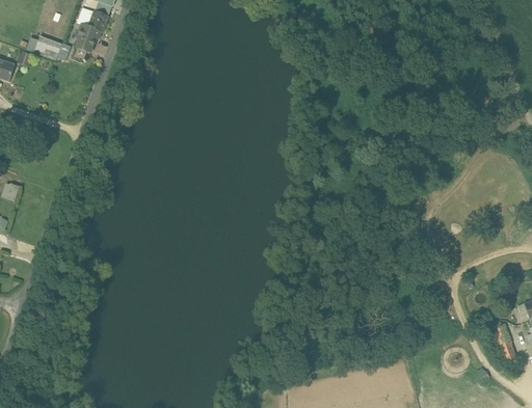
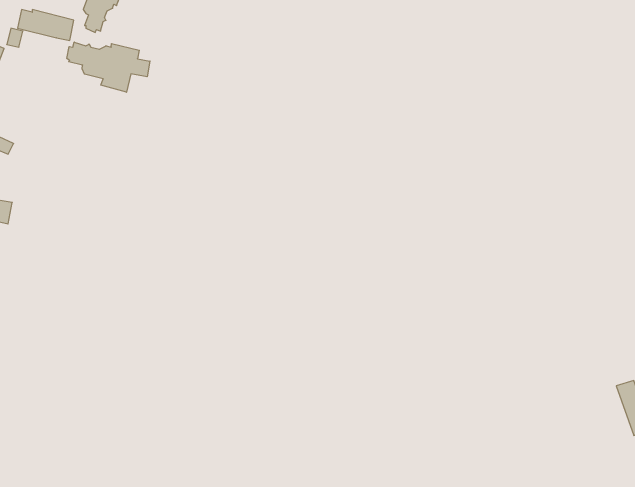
building: none -> [67,42,150,92]

